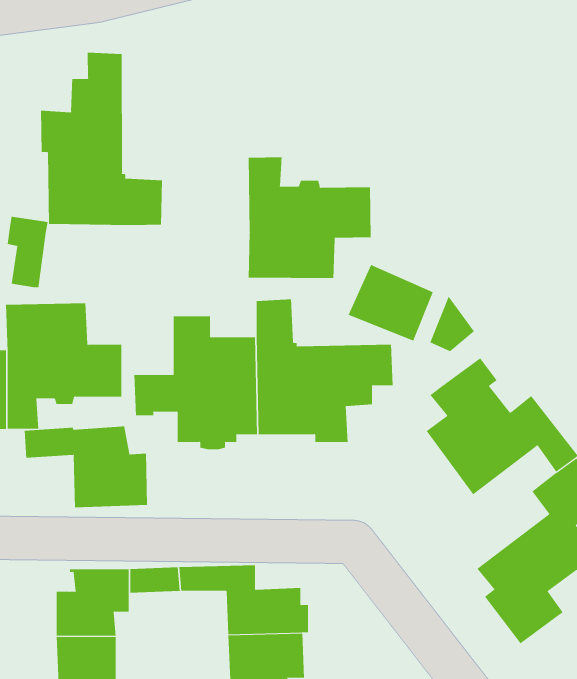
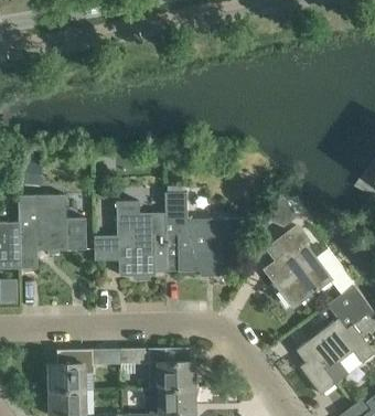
building: [40,52,162,226] -> none
building: [248,157,371,279] -> none
building: [348,264,433,342] -> none
building: [24,426,148,508] -> none

